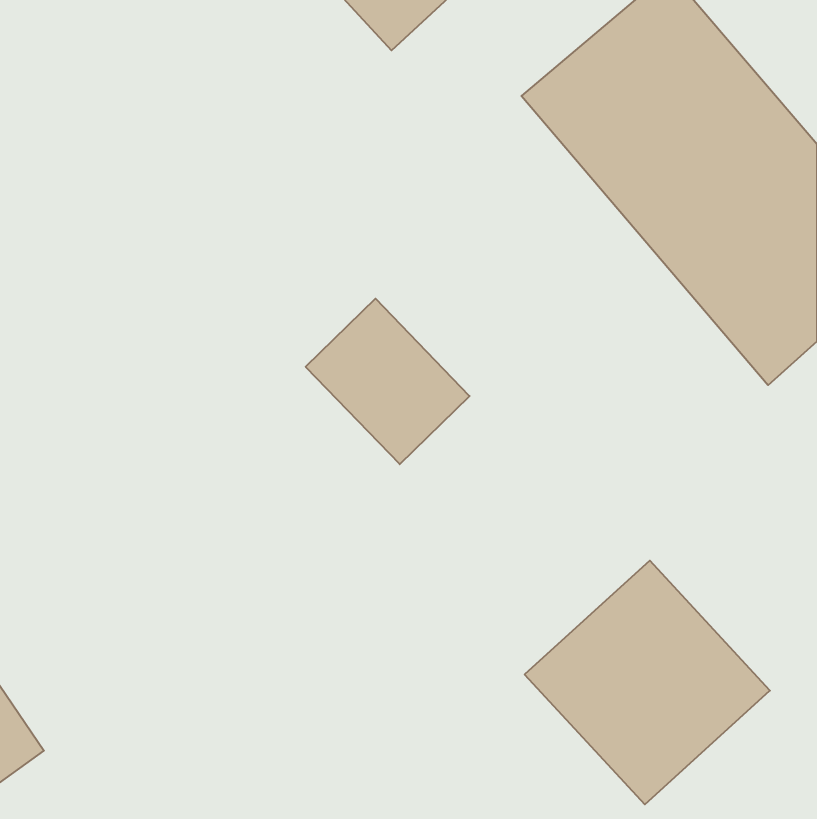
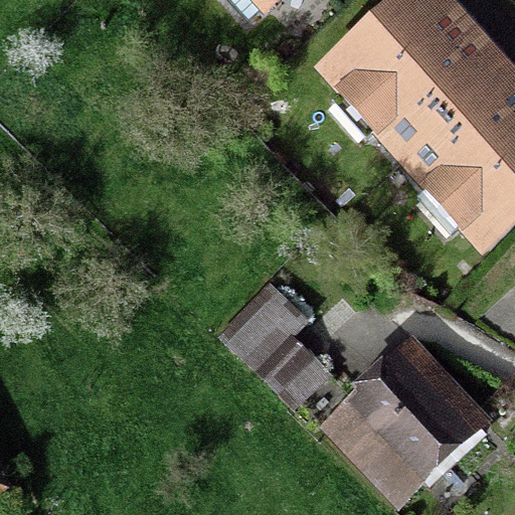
building: [306,299,470,464] -> [228,294,330,396]

